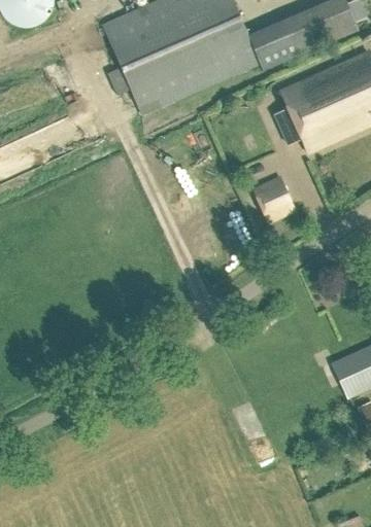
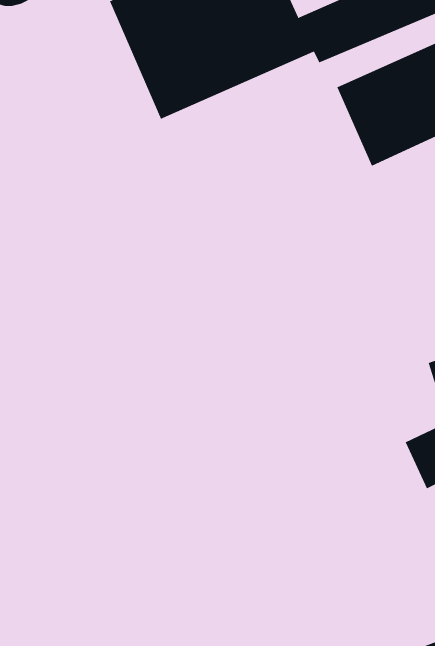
building: [254,175,297,222] -> none

